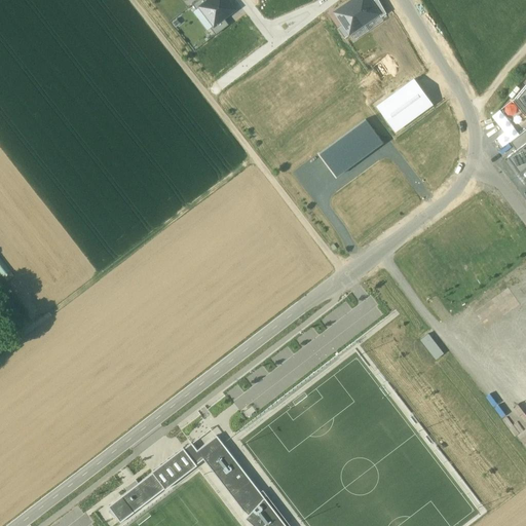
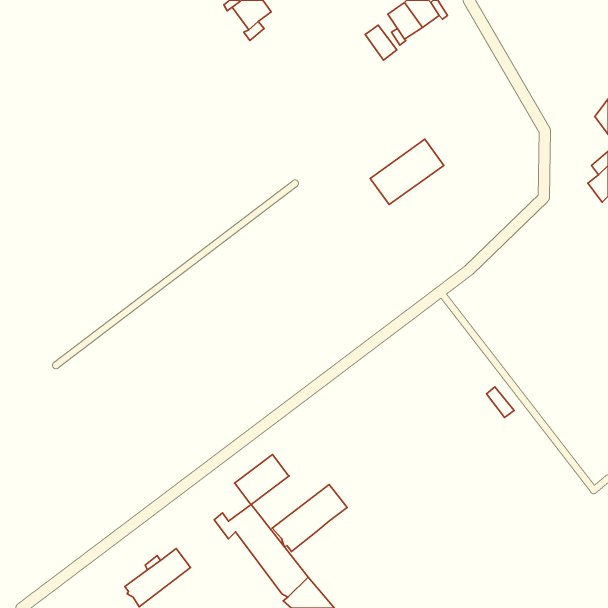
building: none -> [365,25,397,60]
building: [377,79,431,130] -> none
building: none -> [272,485,347,552]
building: [151,448,198,491] -> [234,455,289,504]

